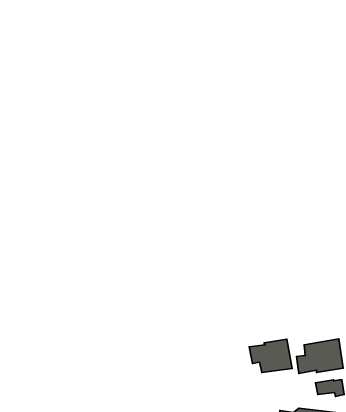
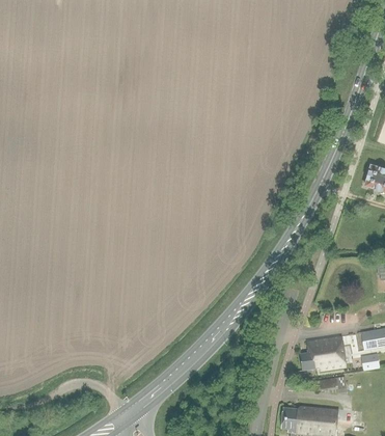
building: [249,339,292,372] -> none

